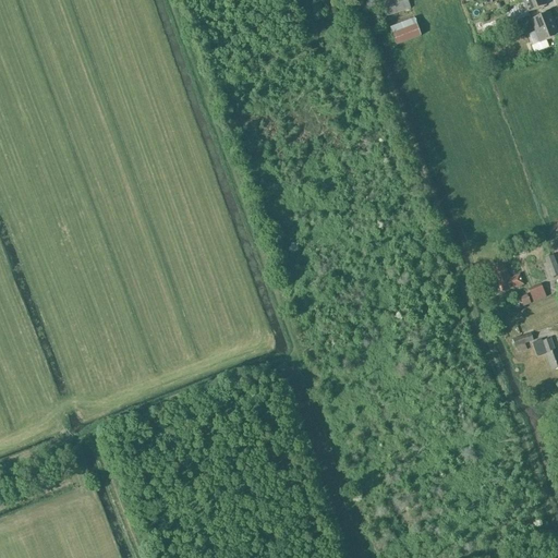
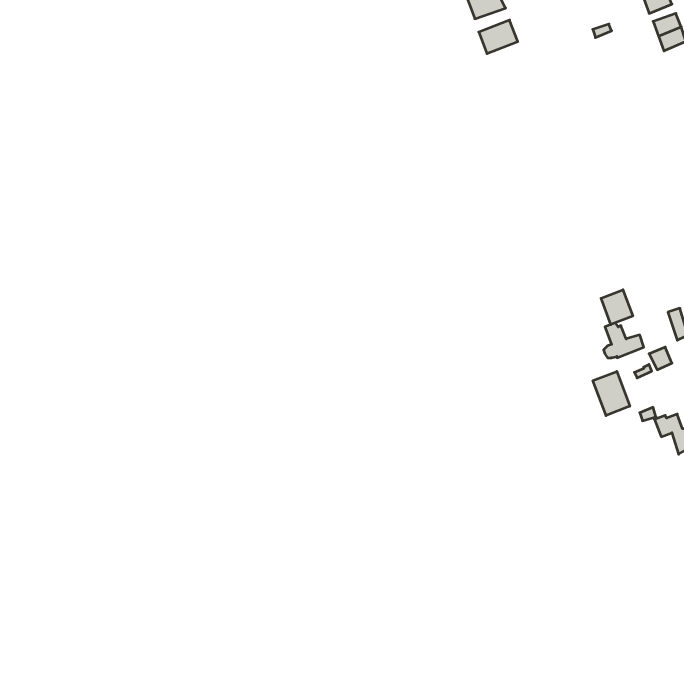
building: none -> [601,290,633,325]
building: none -> [593,371,630,416]

